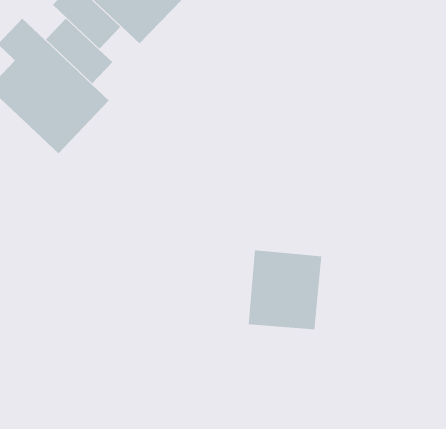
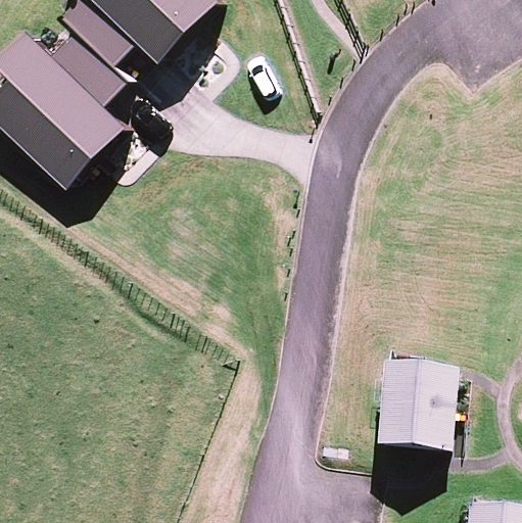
building: [248,250,322,330] -> [358,356,441,446]

